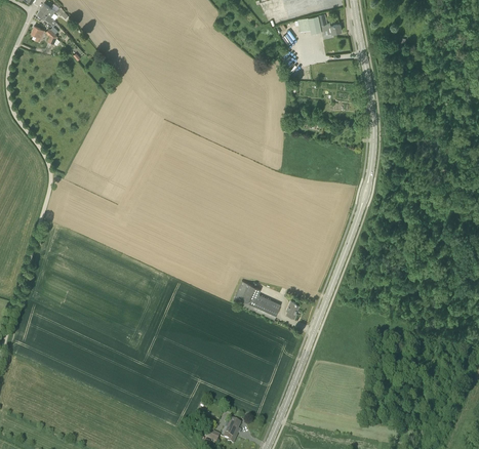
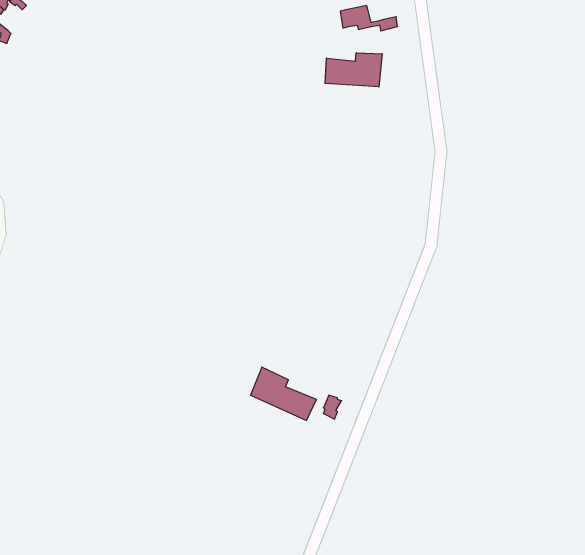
building: none -> [325,53,382,87]

